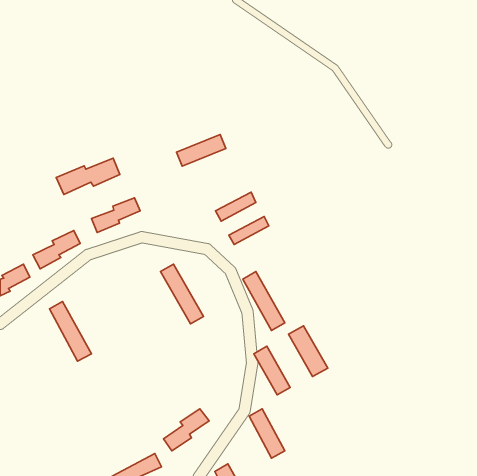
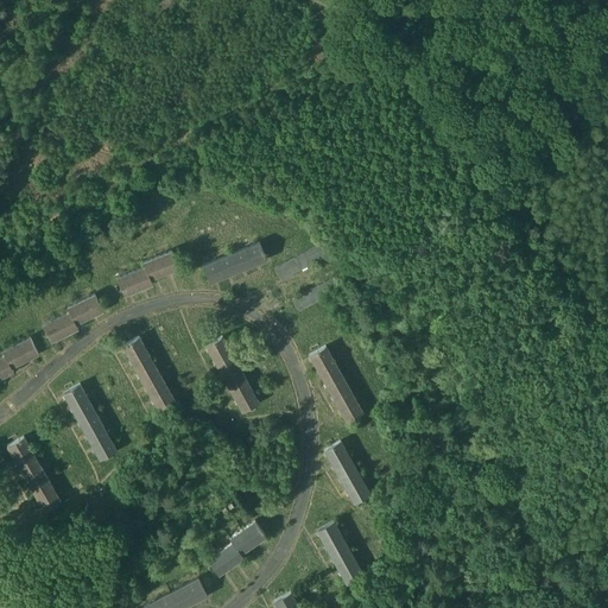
building: [176,134,226,166] -> [203,243,266,284]
building: [56,158,120,195] -> none
building: none -> [121,337,175,413]
building: [289,326,328,377] -> none
building: none -> [6,437,61,512]

